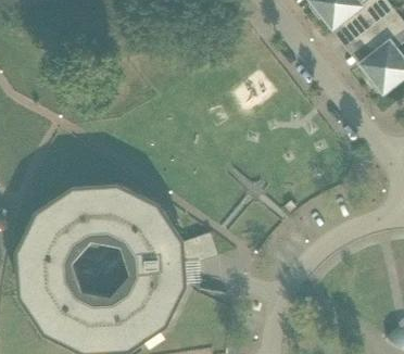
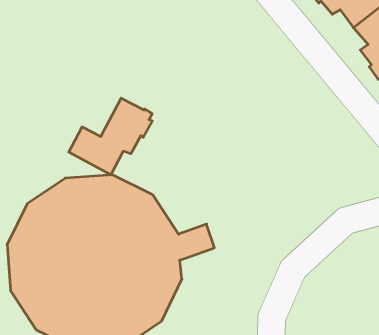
building: none -> [69,98,152,175]

